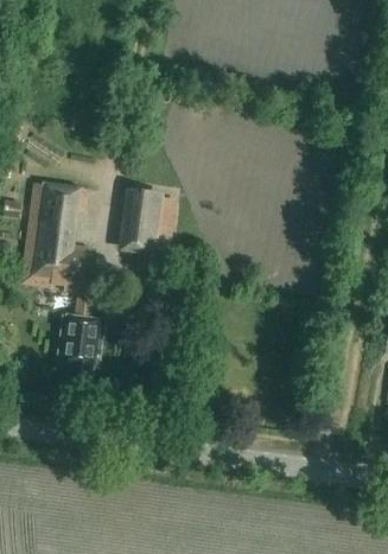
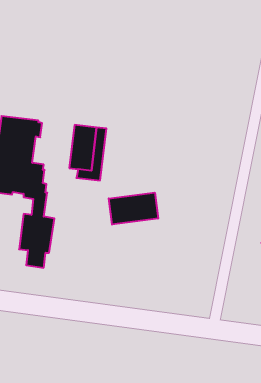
building: none -> [109,193,158,225]

